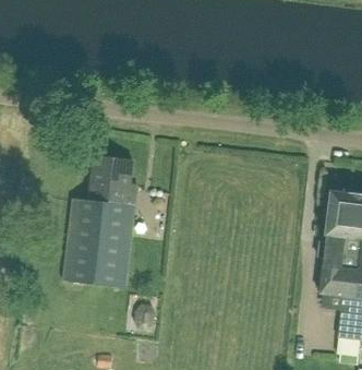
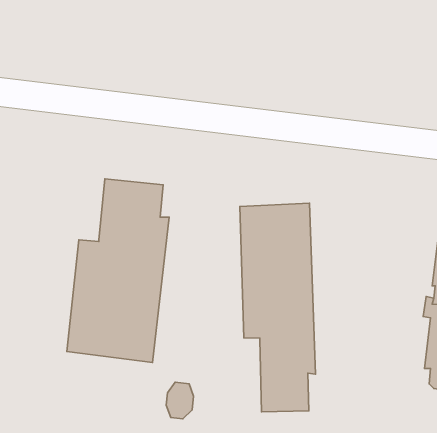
building: none -> [240,203,315,412]

